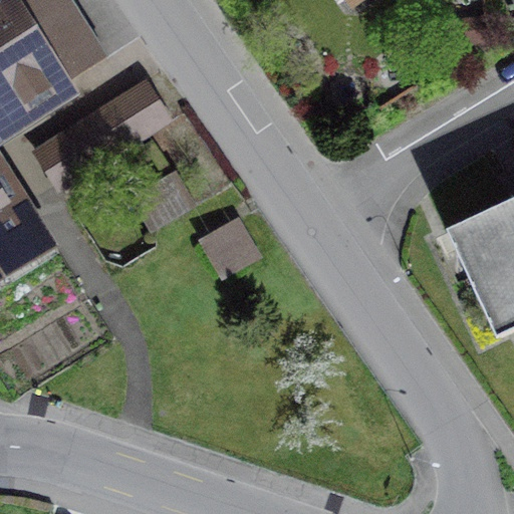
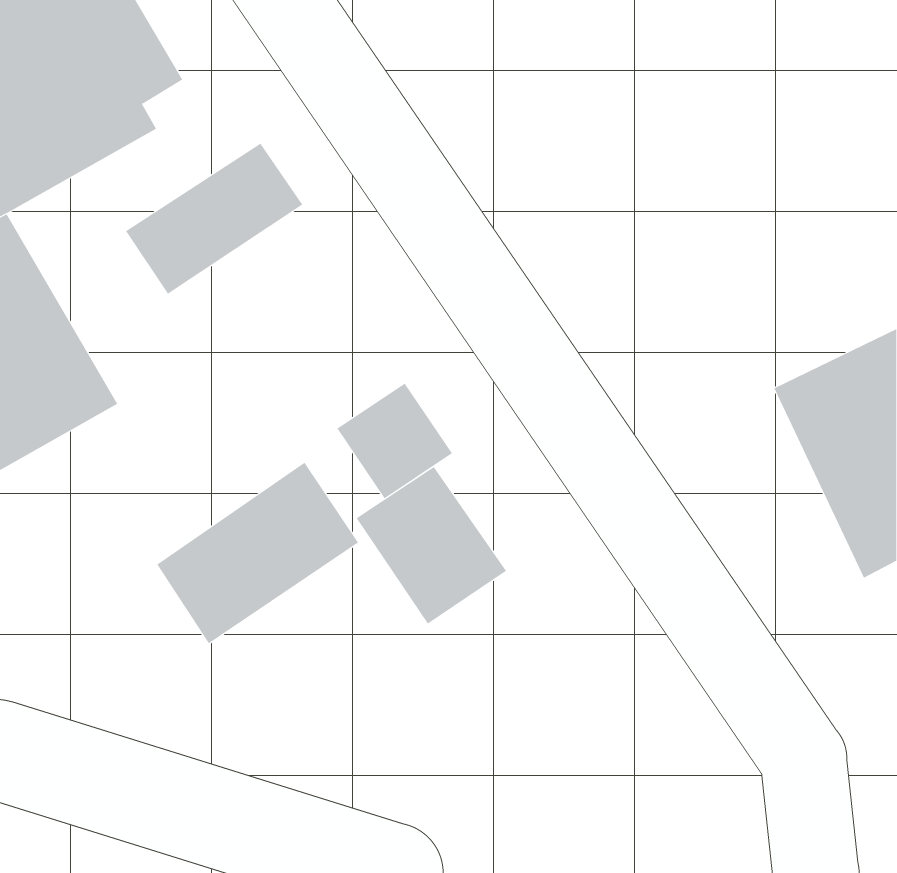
building: none -> [157,462,359,644]
building: none -> [356,466,507,624]

